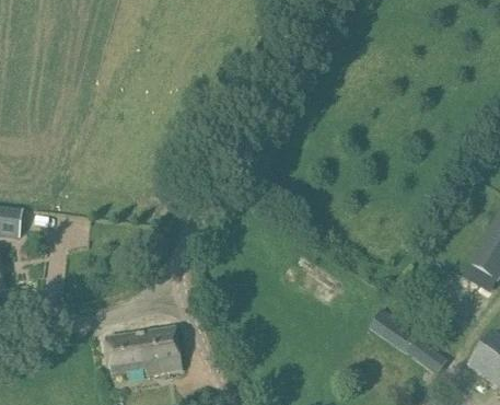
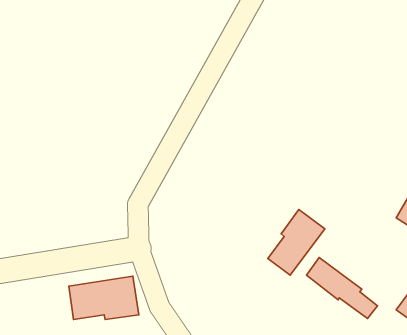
building: none -> [268,210,325,275]

